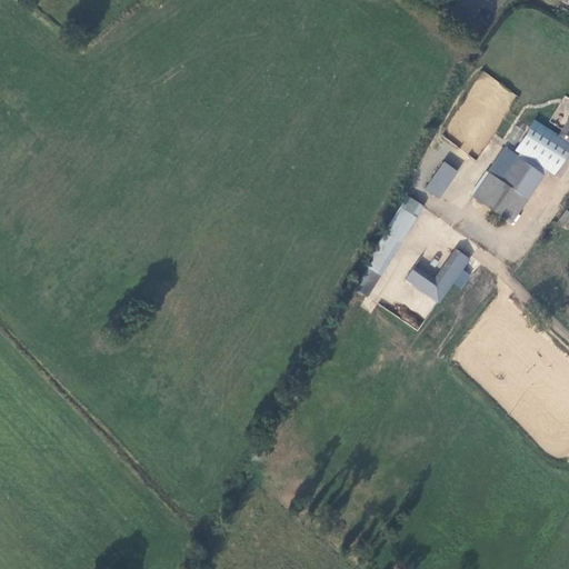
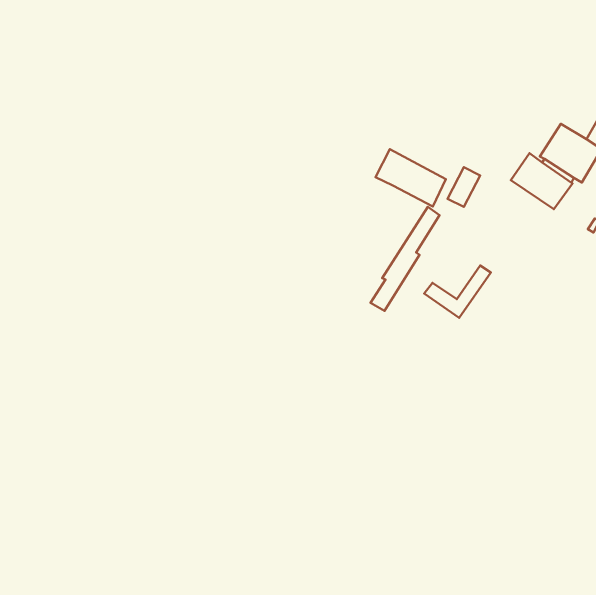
building: none -> [375,149,446,206]
building: [470,171,528,223] -> none

